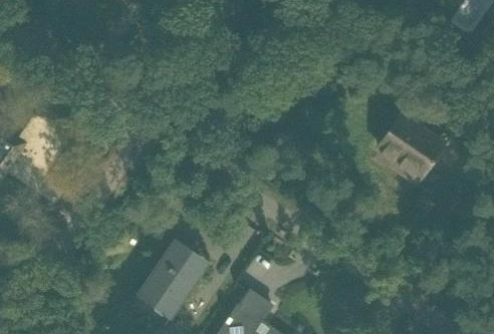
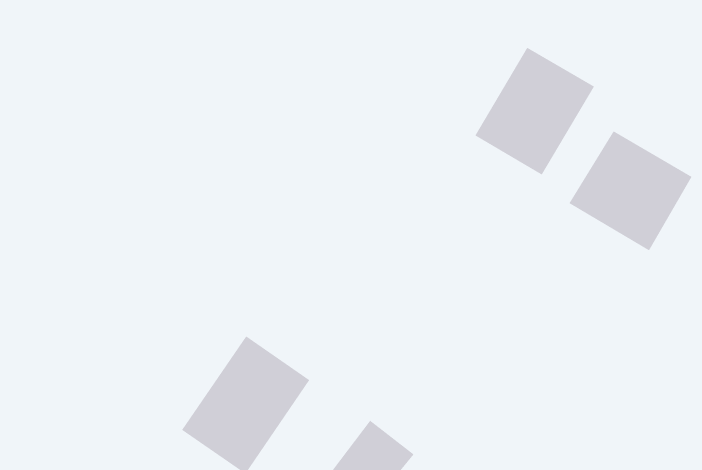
building: none -> [474,47,595,175]

